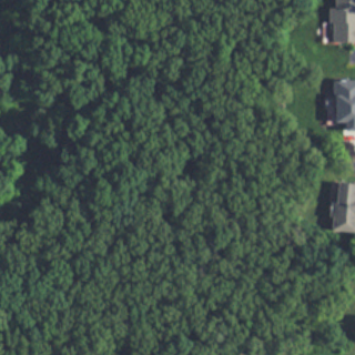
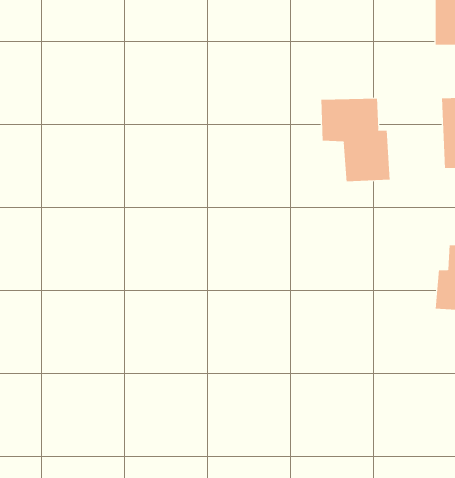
building: none -> [321,98,390,182]

